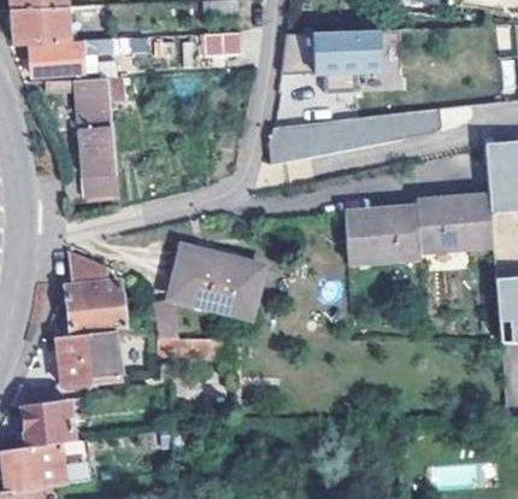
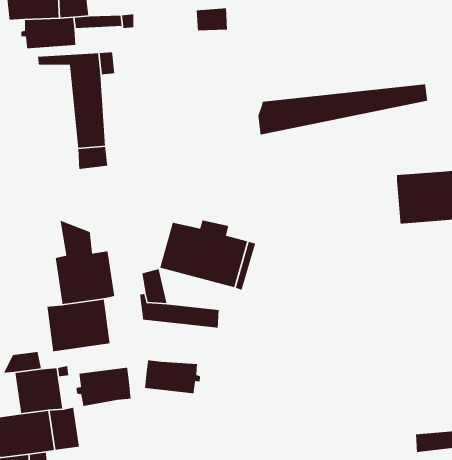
building: [281,31,379,94] -> none
building: [339,207,416,264] -> none
building: none -> [144,359,201,394]
building: none -> [75,367,132,407]

